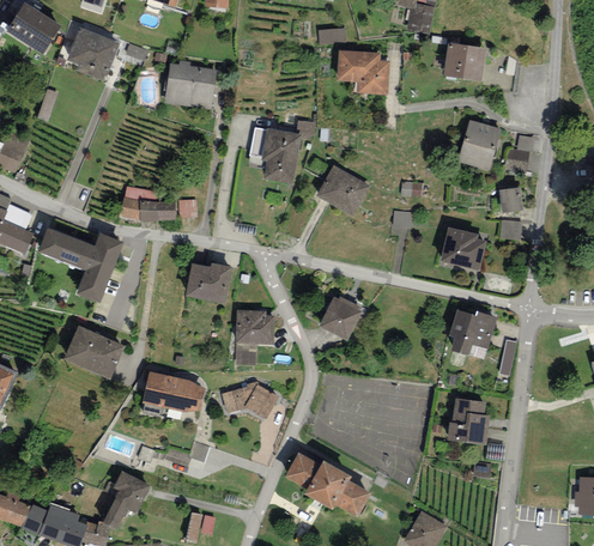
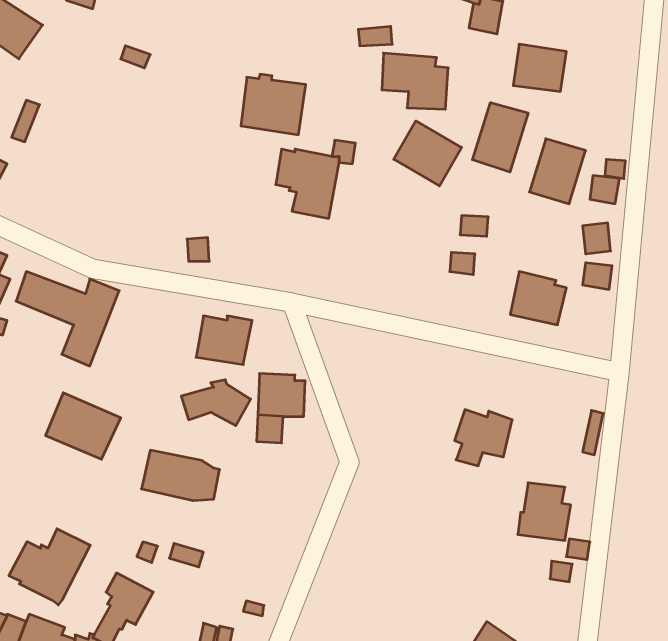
building: [67,26,120,80] -> none
building: [164,60,217,109] -> [241,74,306,135]
building: none -> [472,103,528,172]
building: [315,164,370,217] -> [394,121,462,186]
building: [119,186,175,222] -> none
building: [319,295,362,340] -> none
building: [449,309,496,354] -> [455,410,512,466]
building: [222,381,278,418] -> [181,380,251,426]
building: none -> [9,529,90,605]
building: [284,451,371,517] -> none

